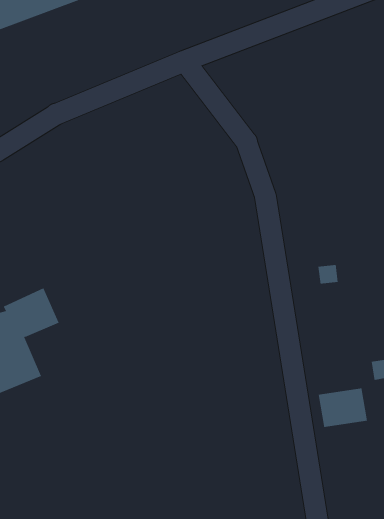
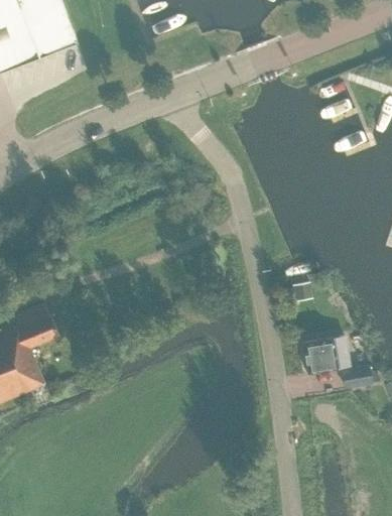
building: [318,388,368,428] -> [302,337,348,373]

